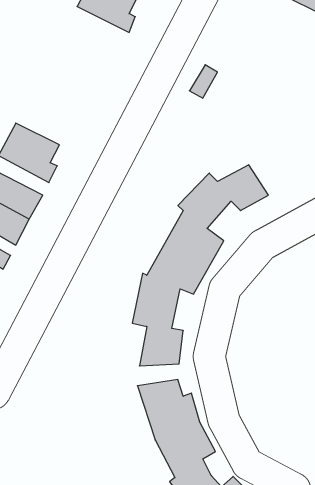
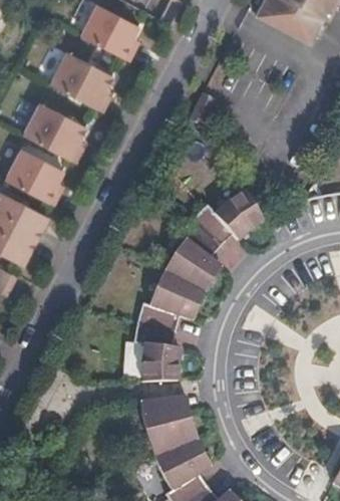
building: none -> [50,53,112,112]
building: none -> [23,103,87,165]

